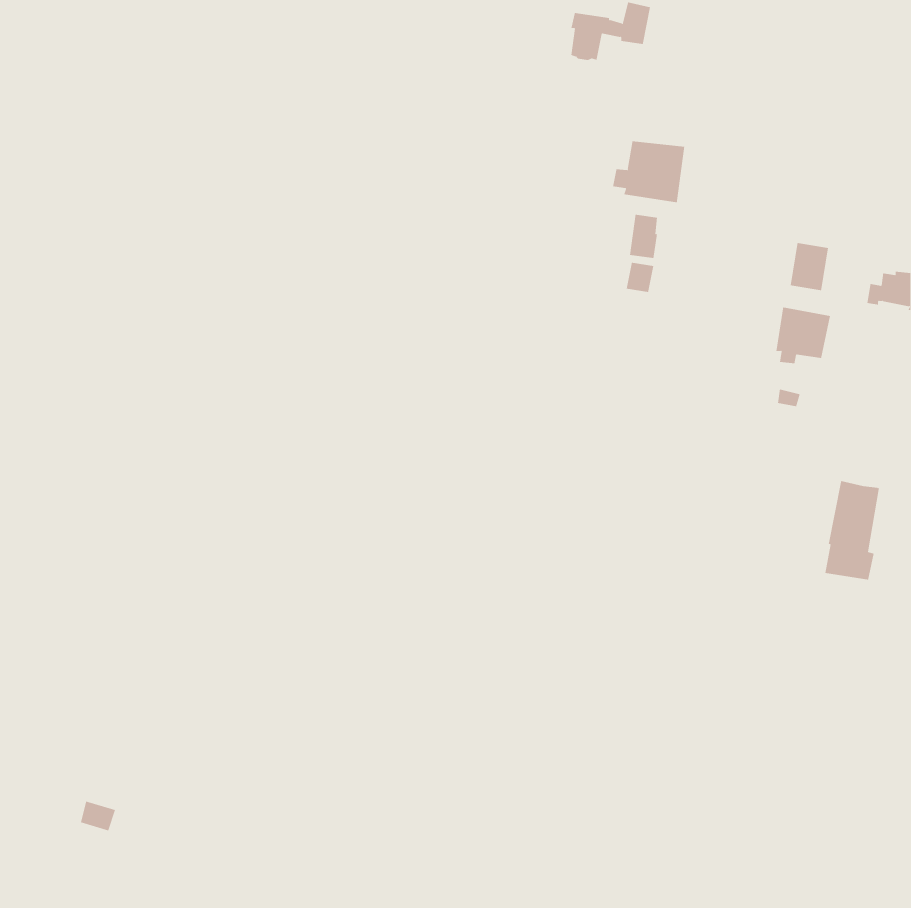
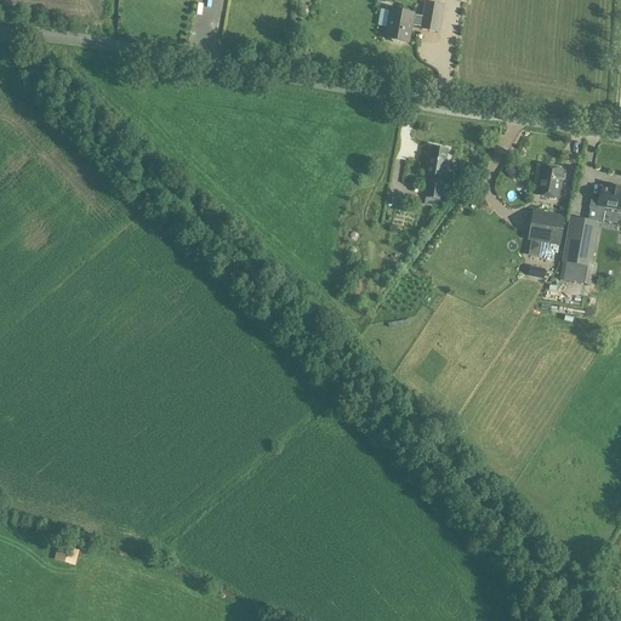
building: [612,141,685,203] -> none
building: [824,480,880,580] -> [560,216,598,284]

